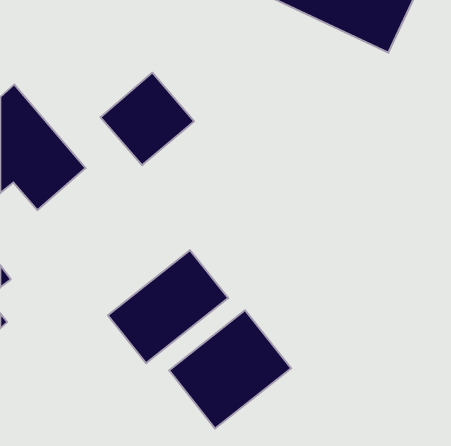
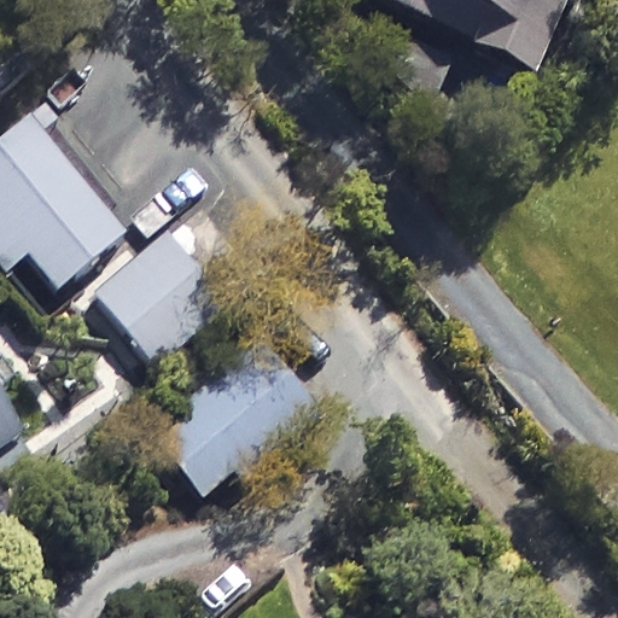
building: [100,73,194,165] -> [95,232,222,357]
building: [169,310,291,429] -> none

